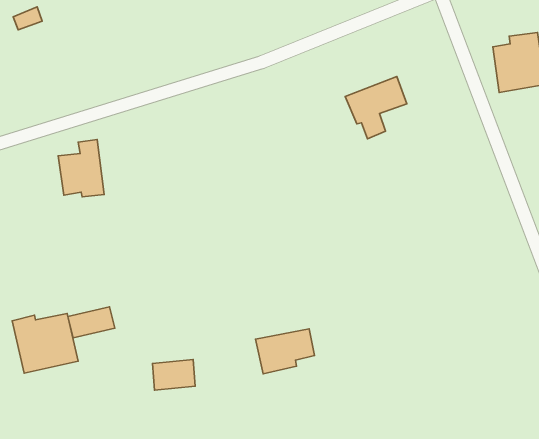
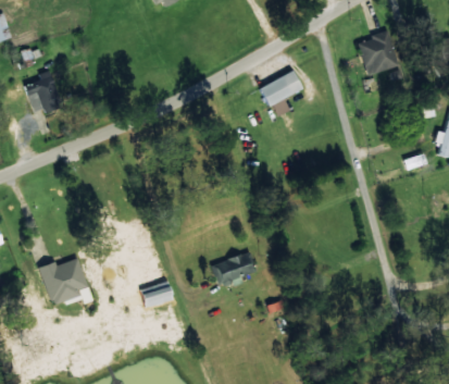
building: [58,139,104,197] -> [26,71,61,112]
building: [68,307,115,338] -> none

